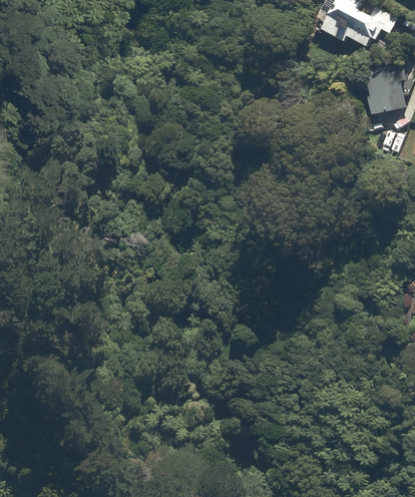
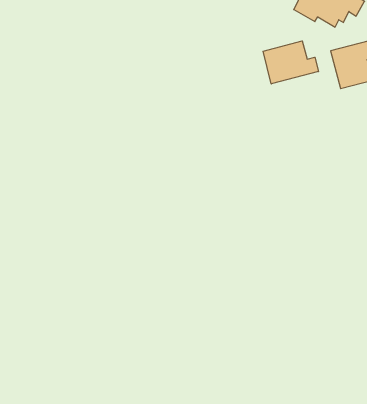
building: none -> [263,41,318,84]

